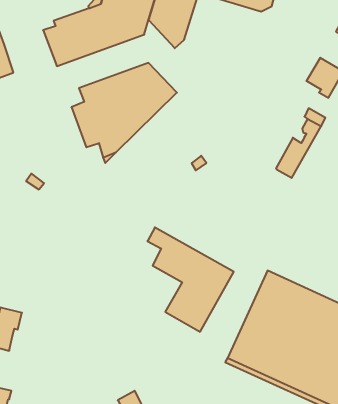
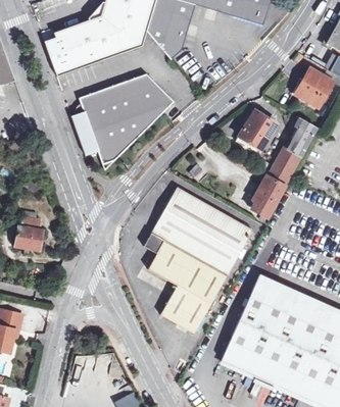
building: none -> [236,109,277,153]
building: none -> [255,175,284,219]
building: none -> [151,186,253,274]
building: none -> [14,215,42,249]

